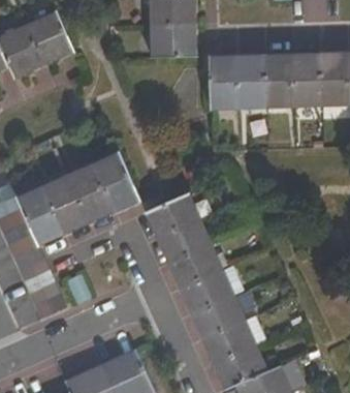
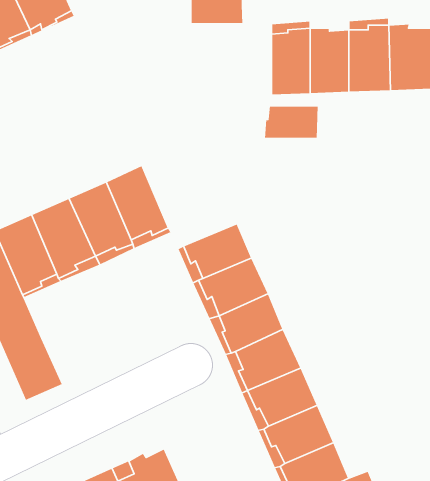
building: none -> [264,106,319,139]

